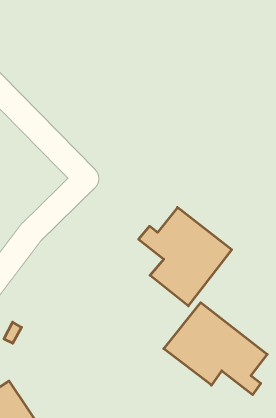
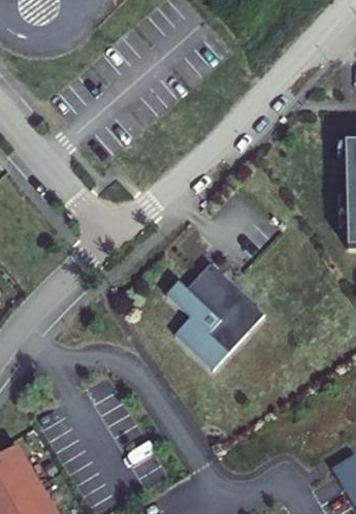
building: [164,303,267,395] -> none

